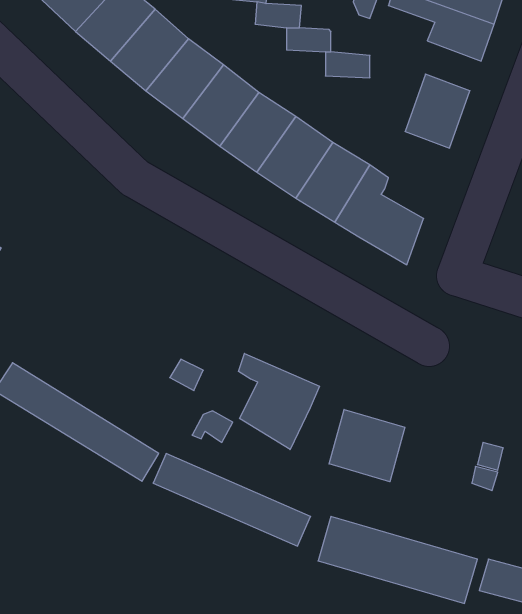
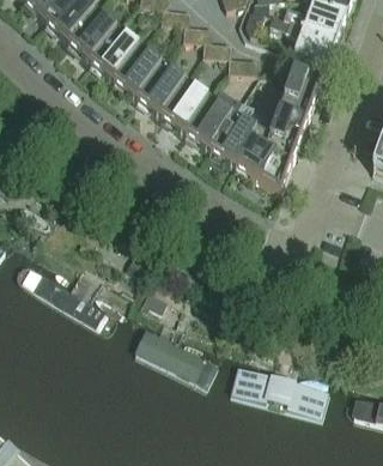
building: none -> [263,110,308,167]
building: [238,353,320,450] -> none
building: [329,409,405,482] -> none

